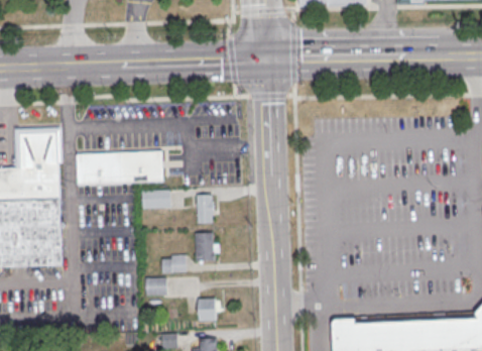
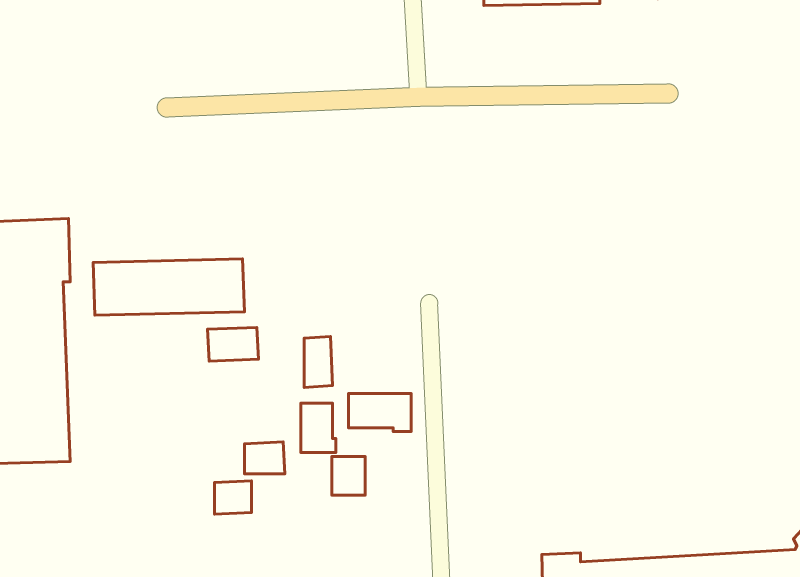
building: none -> [348,393,411,432]
building: [197,298,216,320] -> [332,457,365,495]

